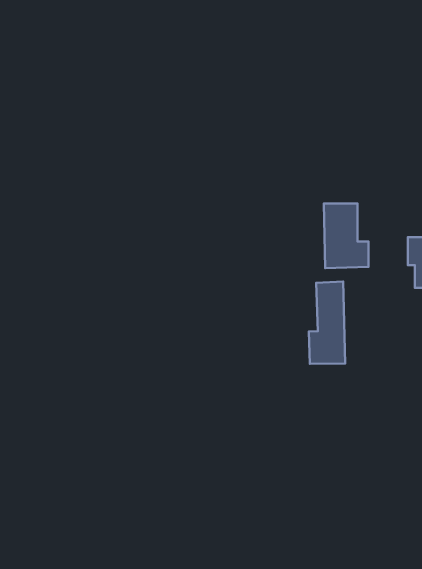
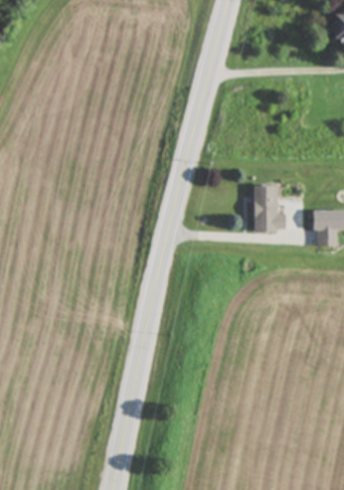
building: [309,281,345,364] -> none

